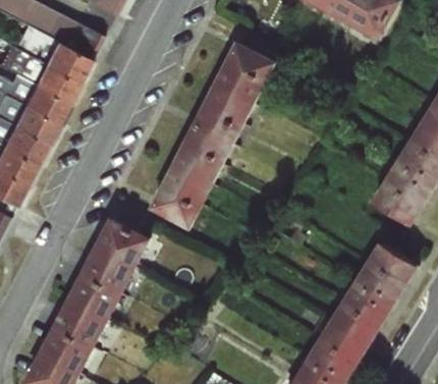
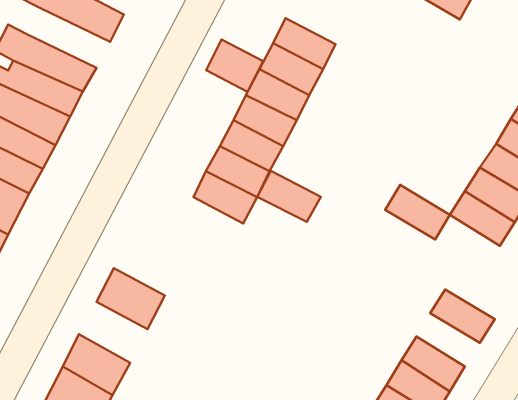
building: [23,32,92,80] -> none
building: none -> [206,40,263,92]
building: [149,186,201,228] -> [257,171,321,222]
building: [95,217,152,267] -> none
building: [366,241,419,286] -> [385,185,450,240]
building: [66,272,122,322] -> none
building: [342,281,394,325] -> none

